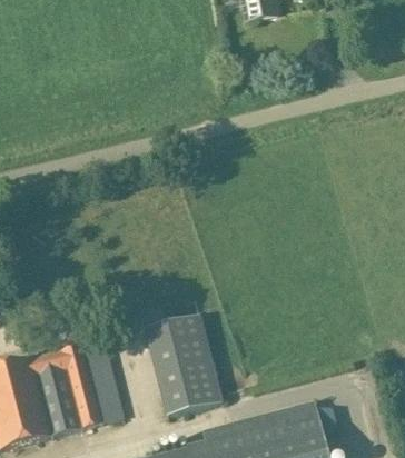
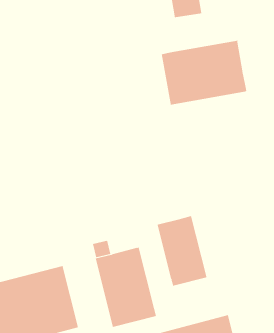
building: none -> [161,40,247,106]
building: none -> [157,215,207,286]

